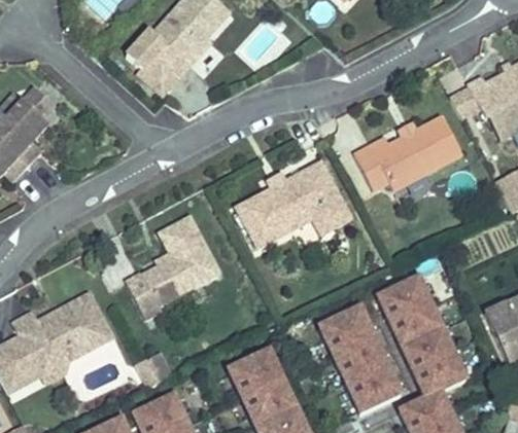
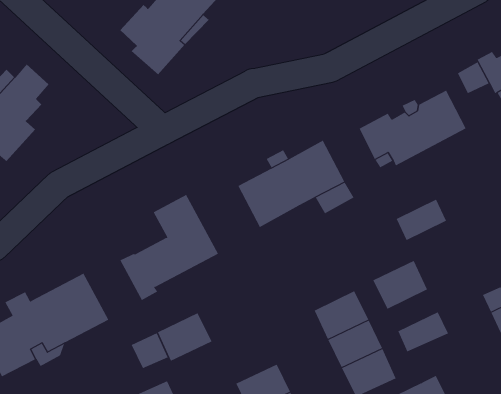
building: [390,305,441,347] -> [396,199,447,241]
building: [410,349,464,397] -> none
building: [228,350,282,398] -> [157,312,212,362]

